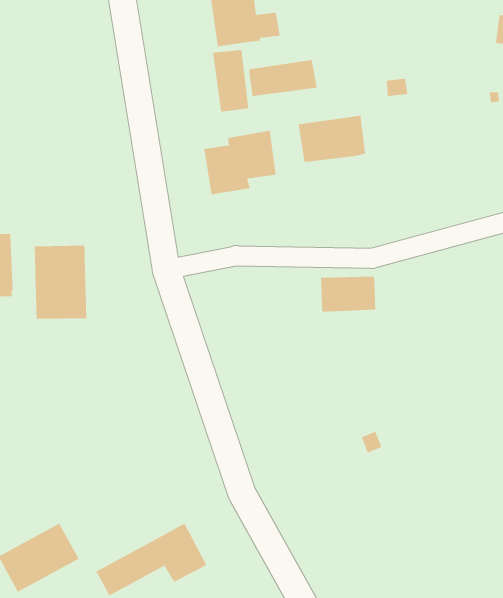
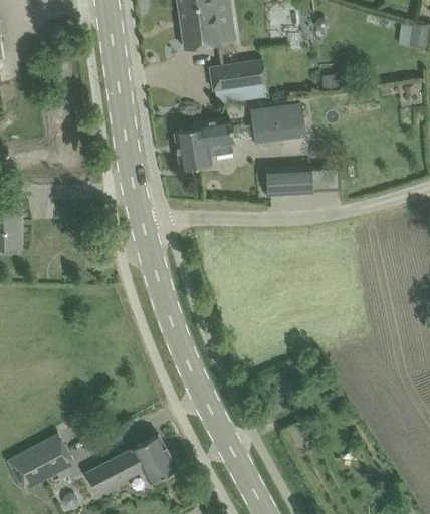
building: [212,49,249,113] -> none
building: [34,245,87,320] -> none
building: [320,276,376,312] -> [265,166,310,195]

